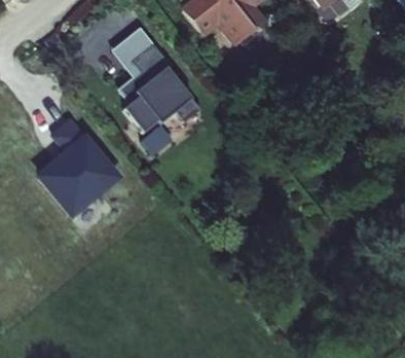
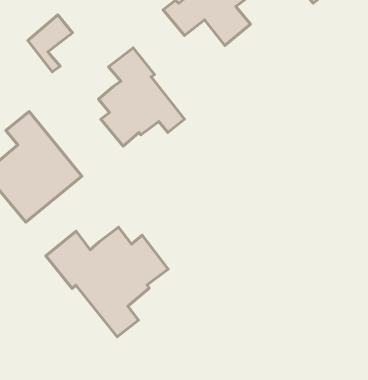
building: [115,32,156,84] -> [28,15,72,72]
building: none -> [46,227,168,337]

